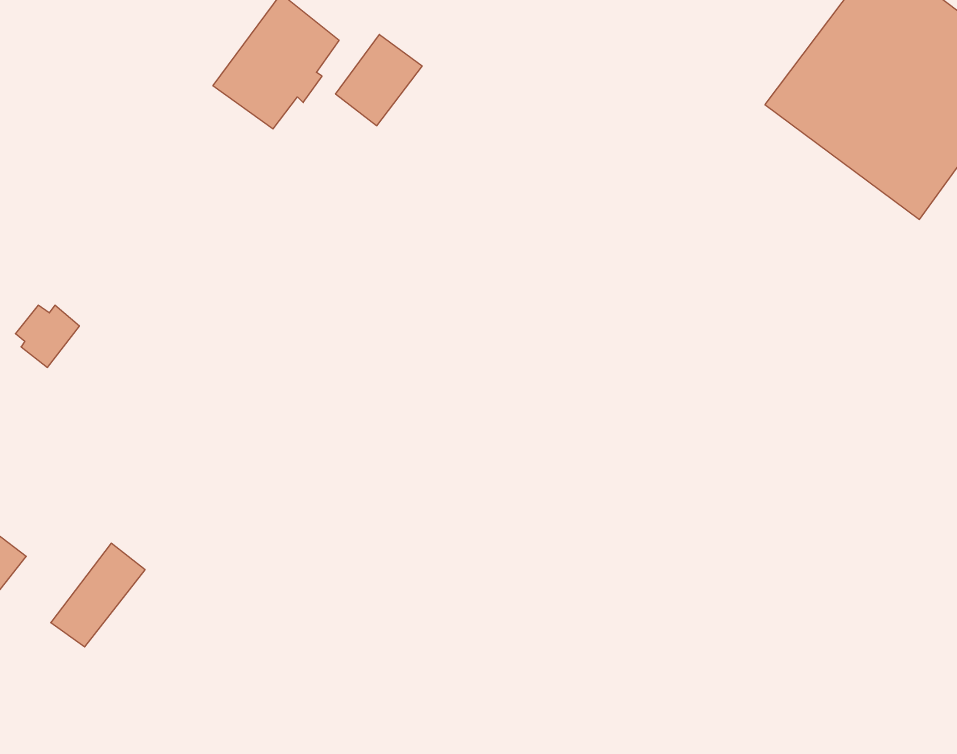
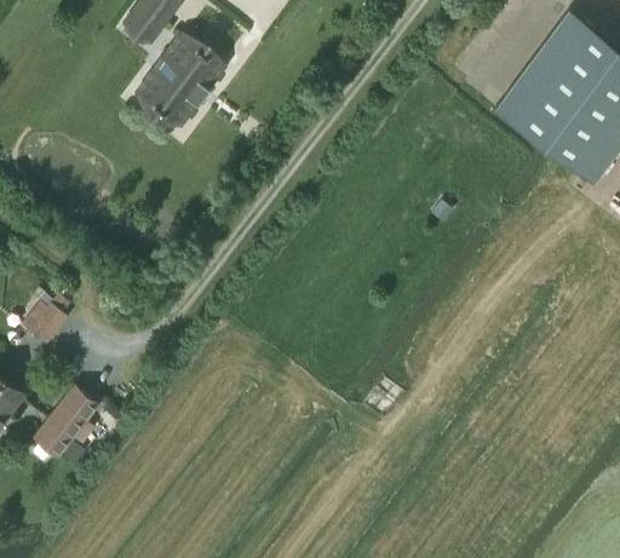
building: [336,34,422,126] -> none
building: [15,305,79,367] -> [24,306,65,346]

